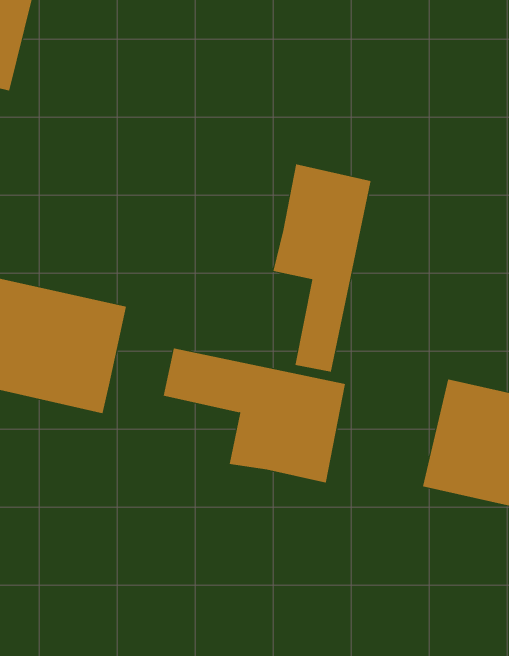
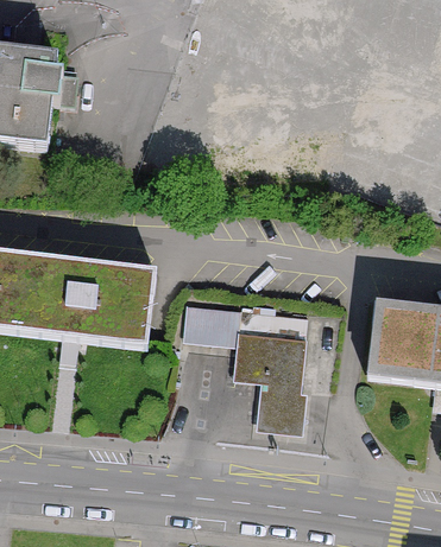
building: [273,164,371,373] -> none
building: none -> [254,375,307,430]

